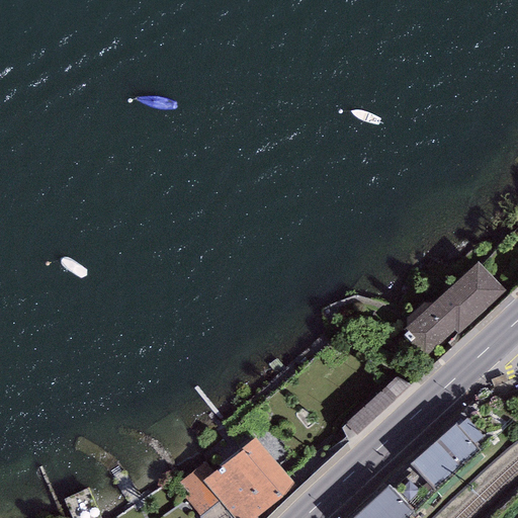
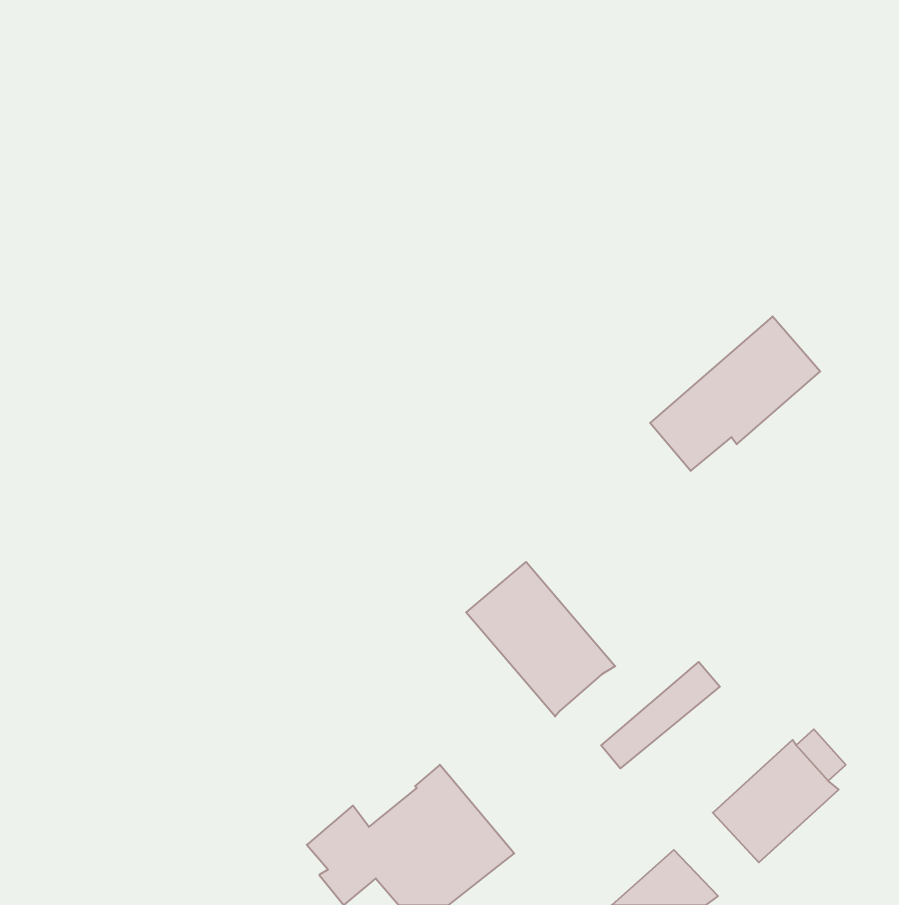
building: [410,263,507,351] -> [650,316,820,471]
building: none -> [466,562,615,717]

